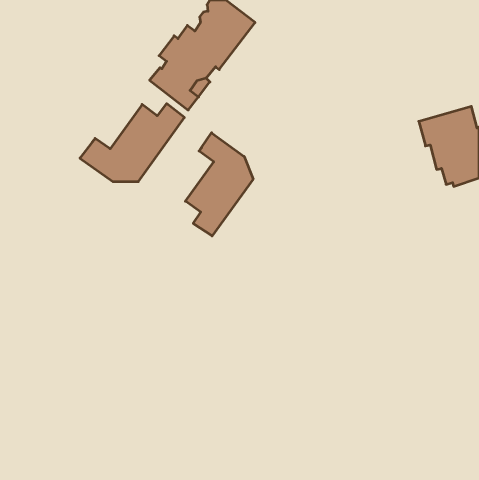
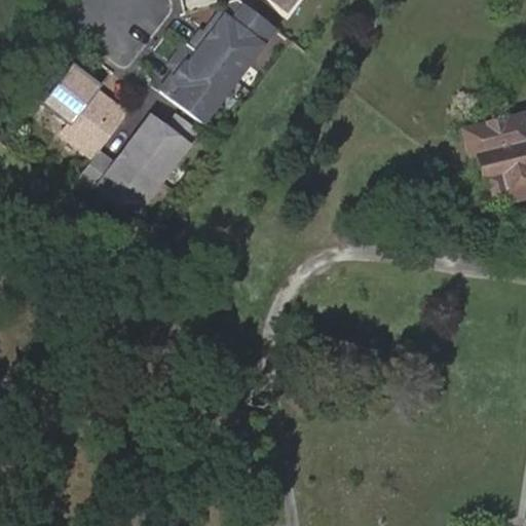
building: none -> [50,65,133,156]
building: [185,133,253,236] -> none

